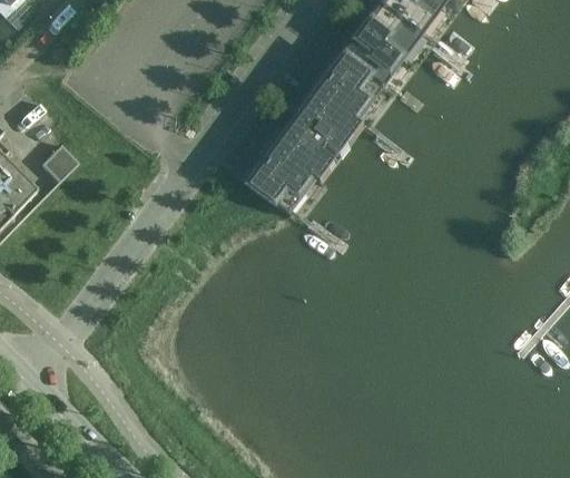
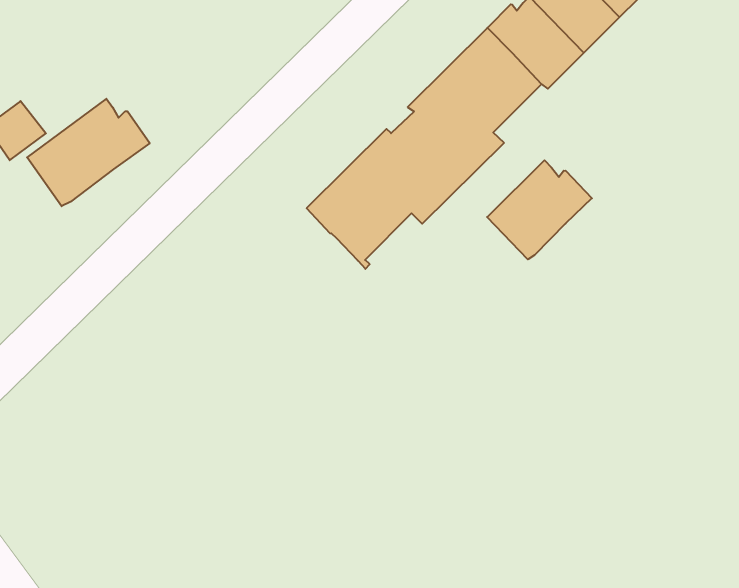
building: none -> [487,160,592,259]
building: none -> [27,99,150,206]

